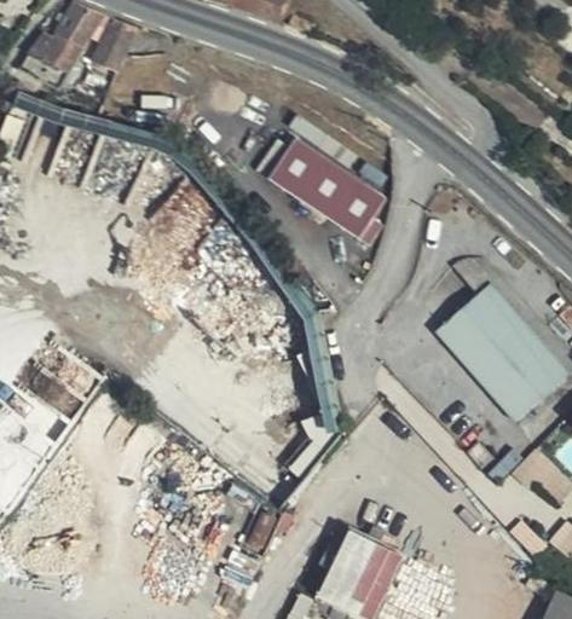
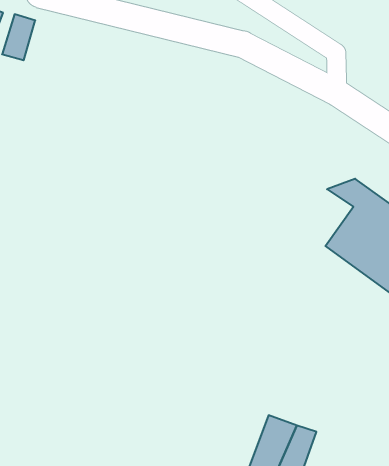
building: [273,135,398,242] -> none

